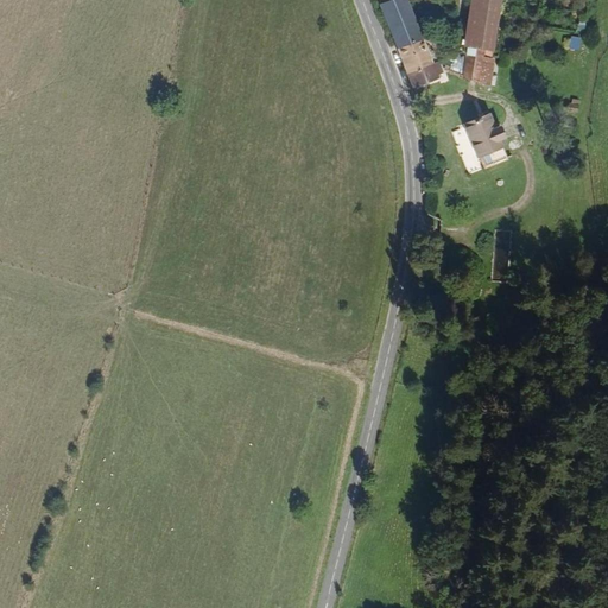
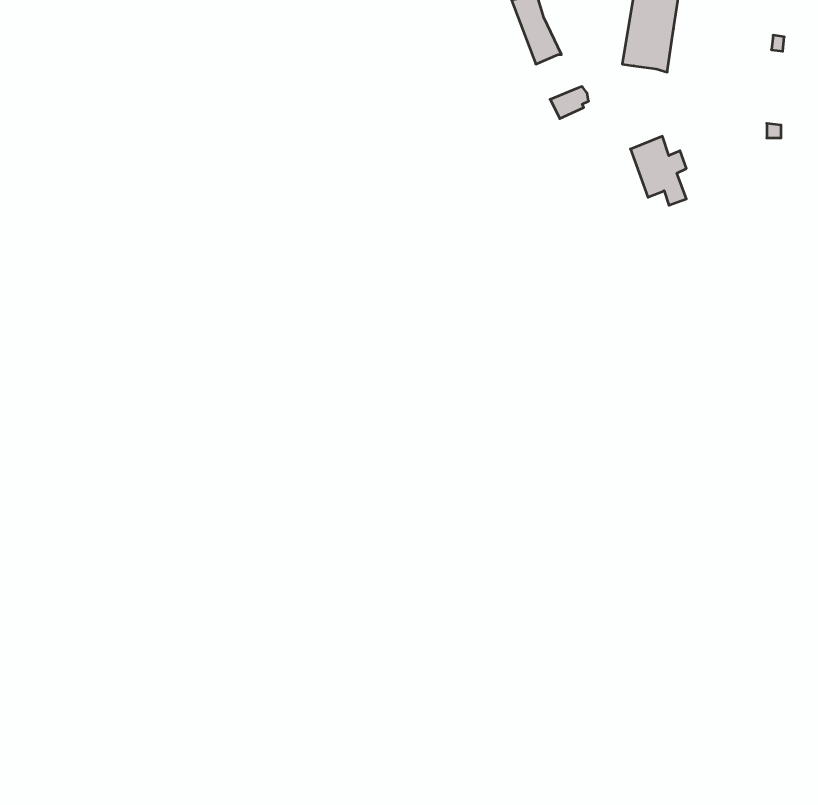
building: [398,40,429,74] -> none
building: [464,53,486,86] -> none

